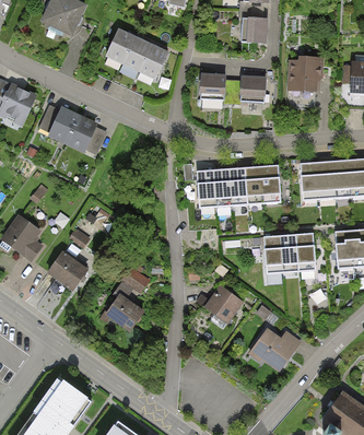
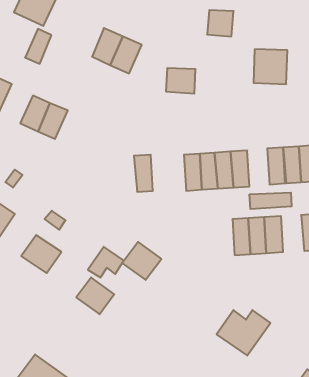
building: [105,30,132,66] -> [25,29,51,64]
building: [238,78,268,105] -> none
building: [198,167,218,205] -> [134,155,153,192]
building: none -> [250,193,292,209]
building: [203,285,244,325] -> [122,242,161,280]

